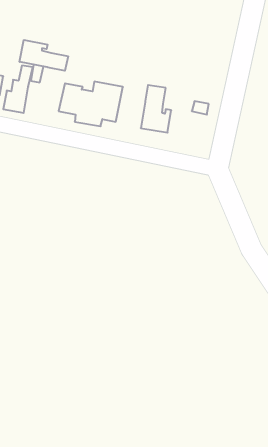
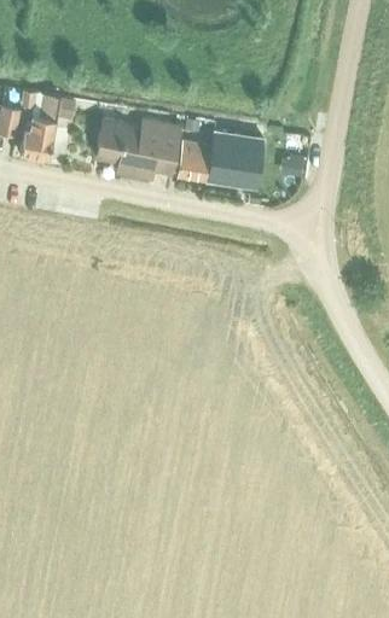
building: [20,40,68,71] -> none
building: none -> [179,141,214,181]

